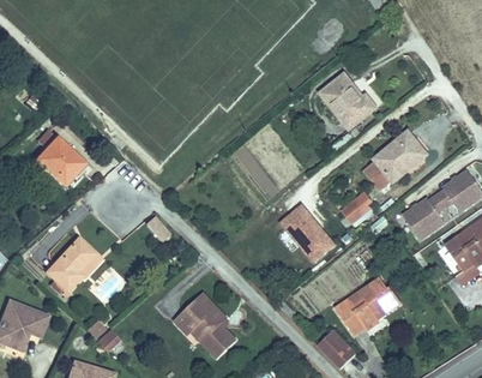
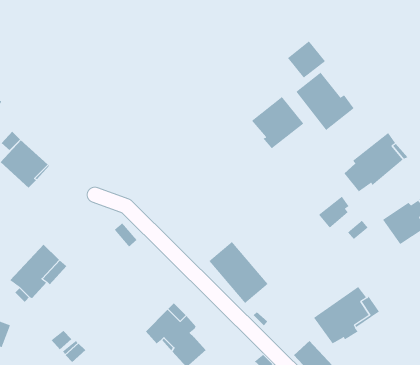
building: none -> [287,41,326,79]
building: none -> [251,96,304,149]
building: [278,203,336,263] -> [208,241,269,304]

